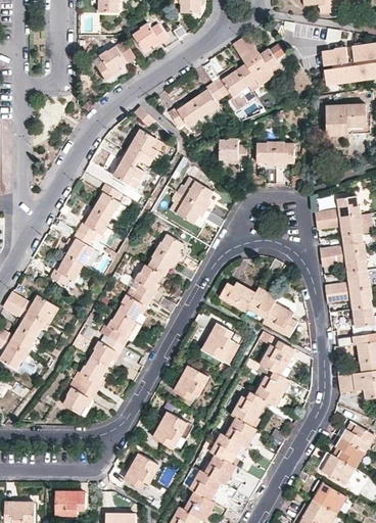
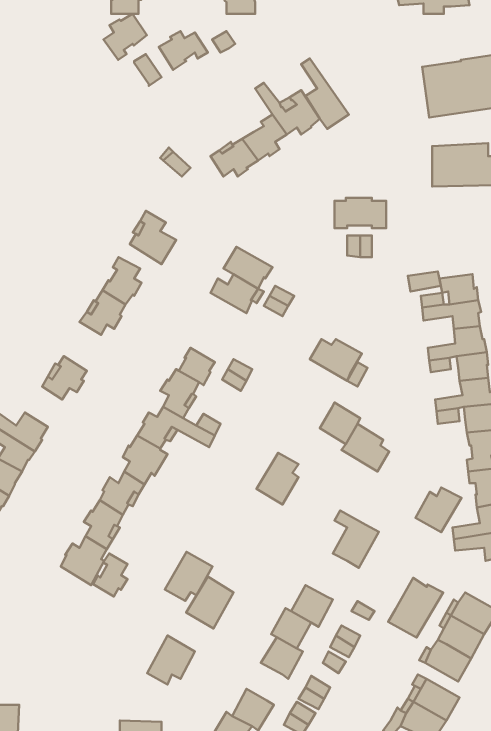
building: [239,40,283,84] -> none
building: [94,47,125,80] -> [104,14,147,60]
building: [123,131,160,167] -> none
building: [219,139,245,163] -> none
building: [64,231,91,266] -> none
building: [154,234,182,259] -> none
building: [218,282,254,312] -> [310,339,362,381]
building: [261,343,293,375] -> [415,488,461,532]
building: [173,365,206,399] -> [165,552,212,601]
building: [232,392,266,426] -> none
building: none -> [93,553,128,597]
building: none -> [388,578,443,637]
building: [190,471,220,500] -> none
building: [54,491,84,514] -> none

